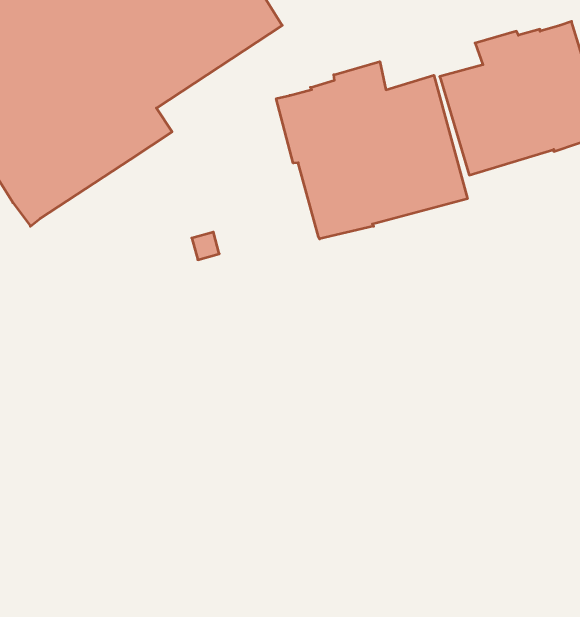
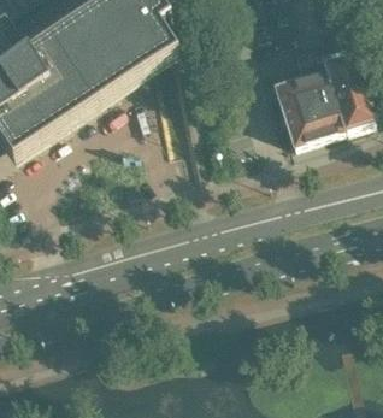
building: [276,62,467,239] -> none

